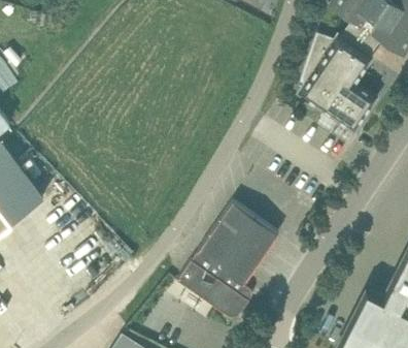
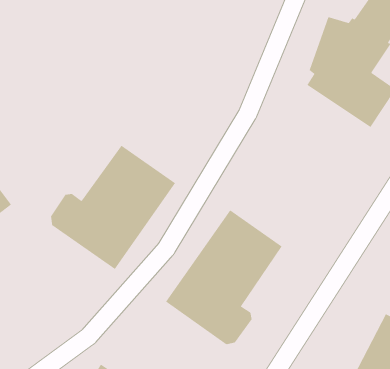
building: none -> [50,145,176,270]

